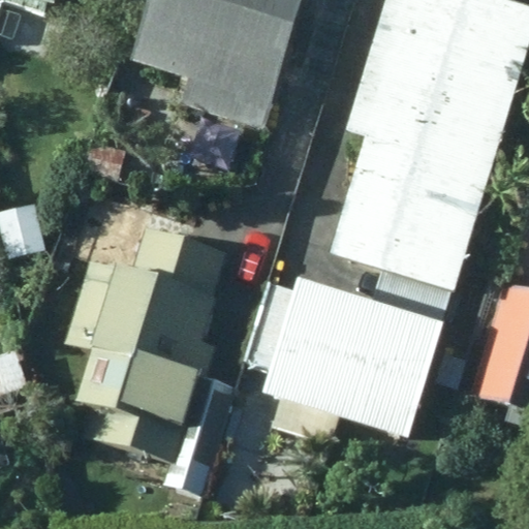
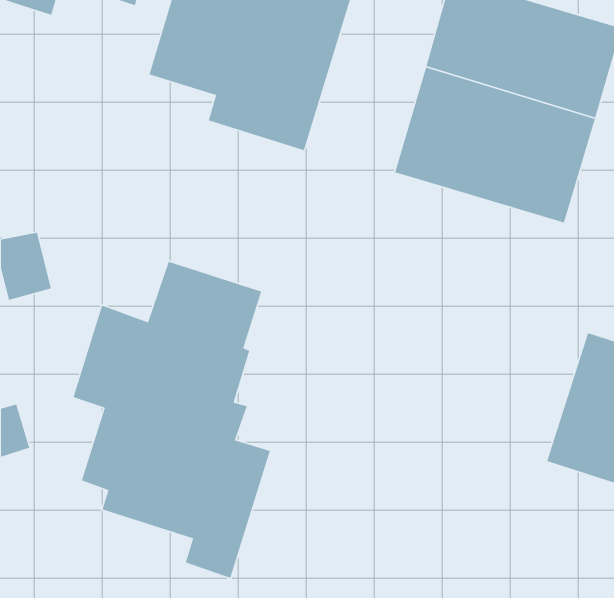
building: [326,154,486,319] -> none
building: [245,282,439,453] -> none

